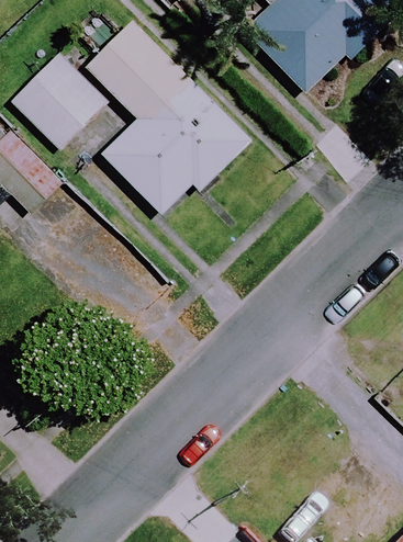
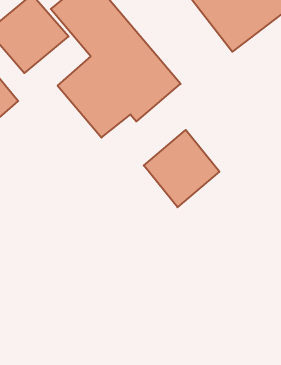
building: none -> [144,130,219,207]

